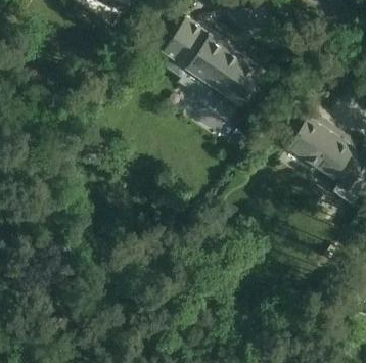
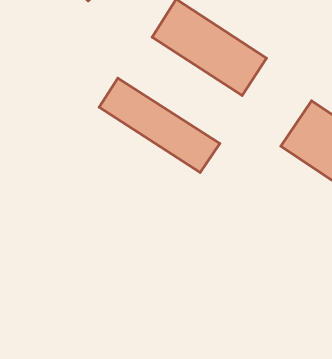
building: none -> [99,78,220,172]

